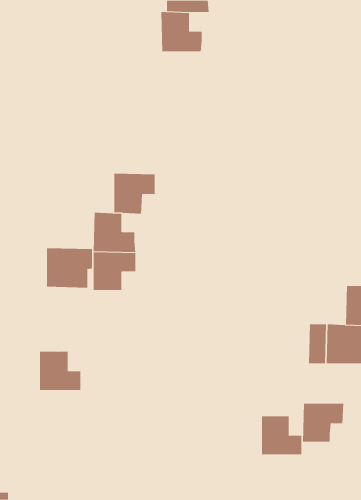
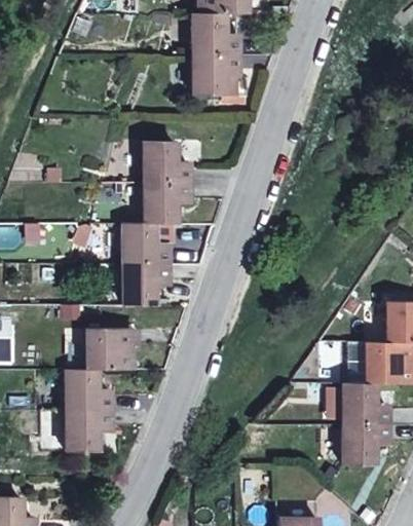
building: none -> [194,54,248,96]
building: none -> [144,141,188,183]
building: [46,248,93,288] -> [86,328,136,370]
building: none -> [66,410,110,451]
building: [261,416,302,455] -> [343,382,386,423]

